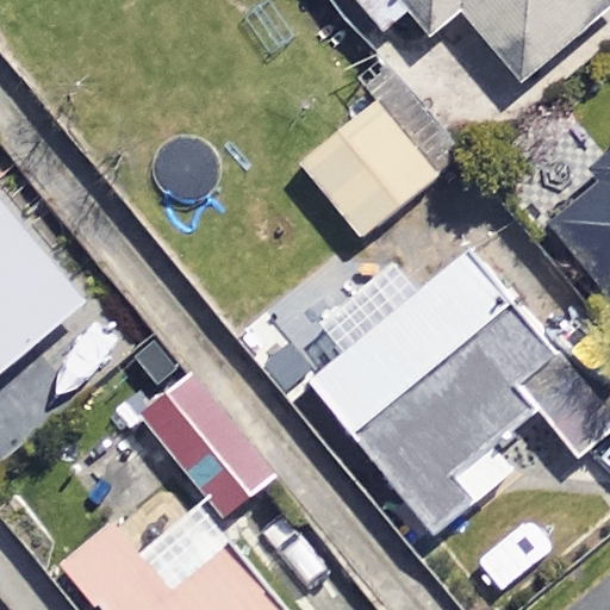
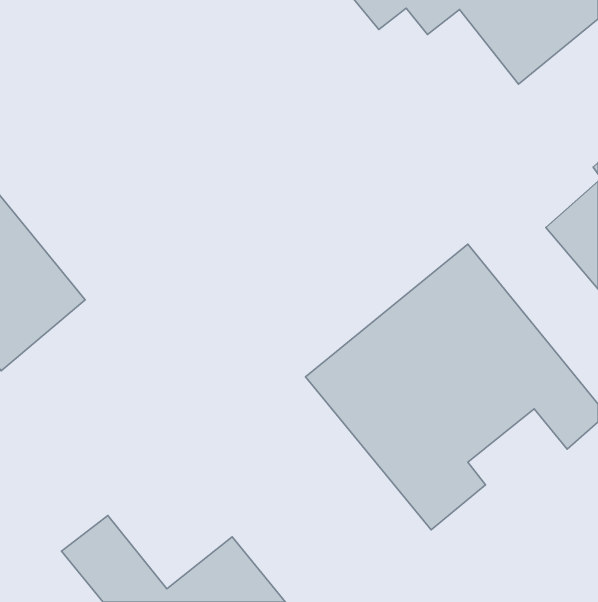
building: [297,98,437,241] -> none
building: [139,376,269,517] -> none

